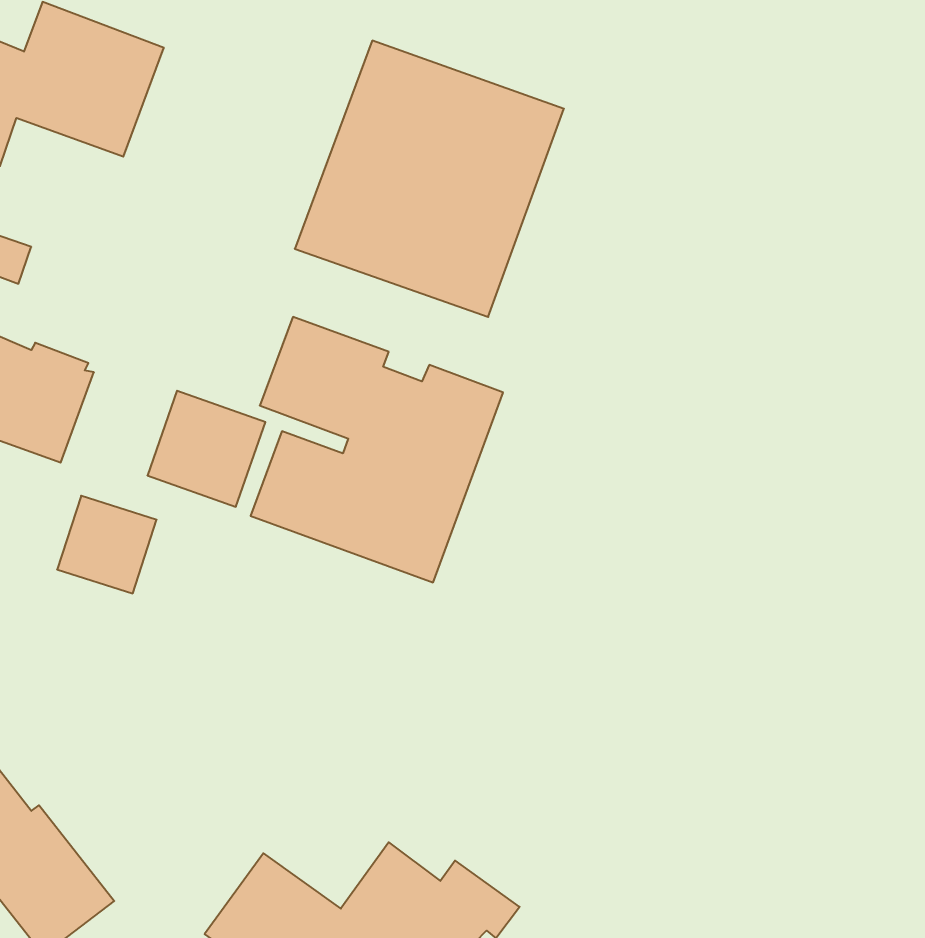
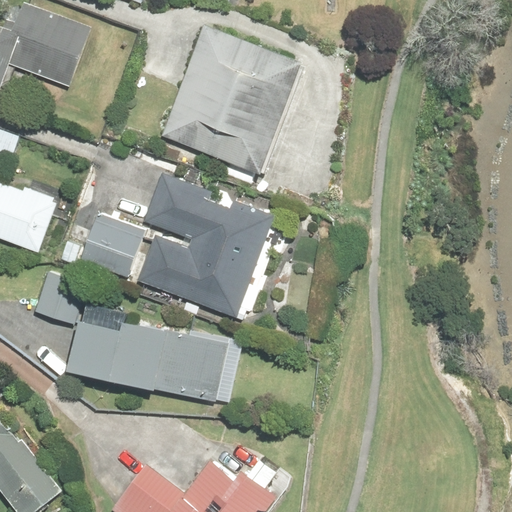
building: none -> [72,320,227,402]

